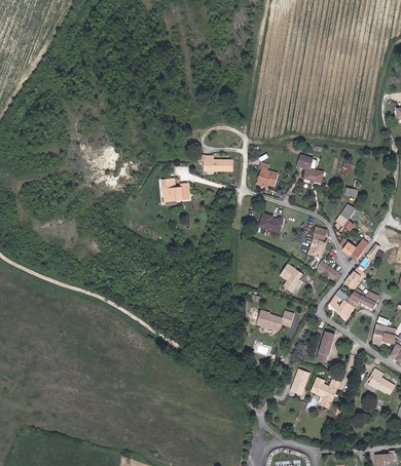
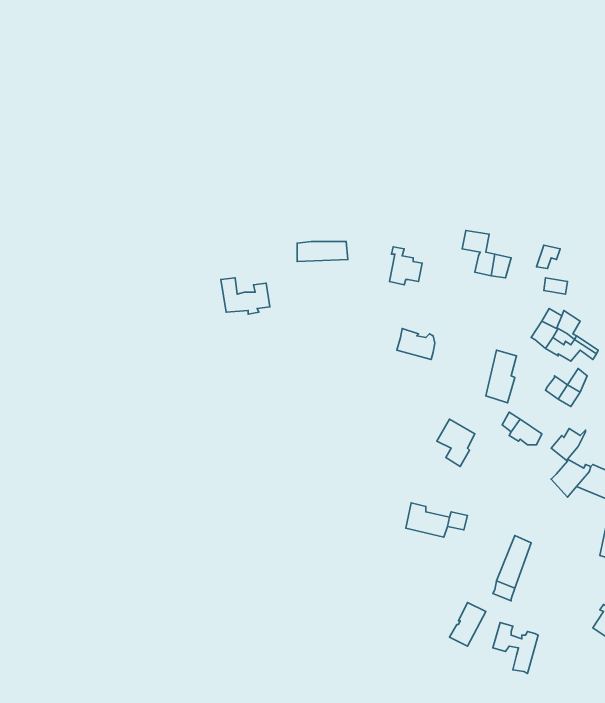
building: [330,286,355,319] -> none

